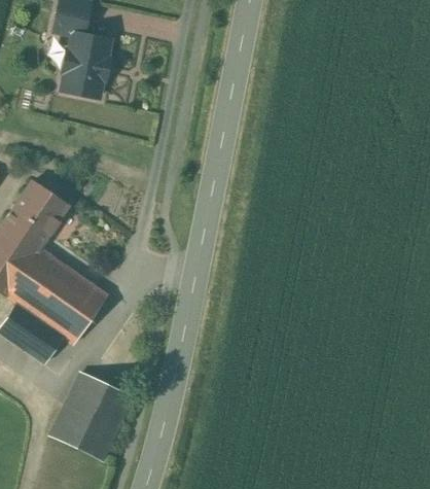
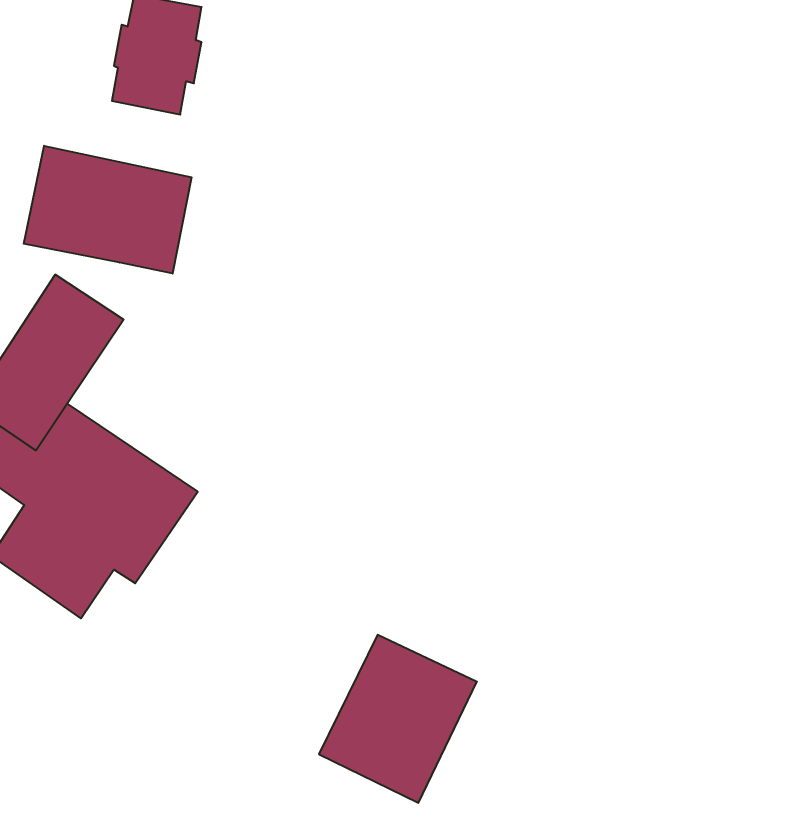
building: none -> [24,146,192,274]
building: [50,372,134,460] -> [319,635,477,803]

